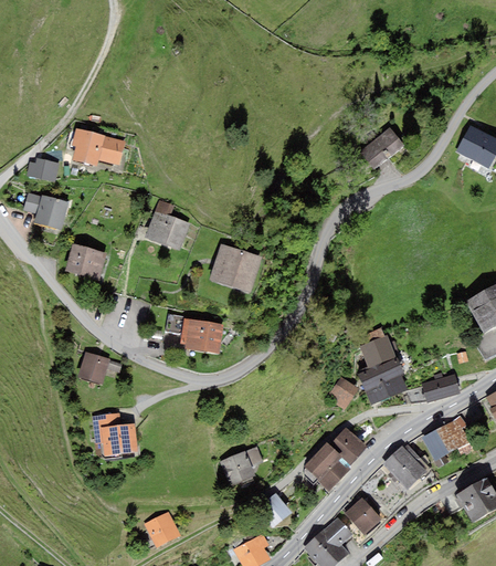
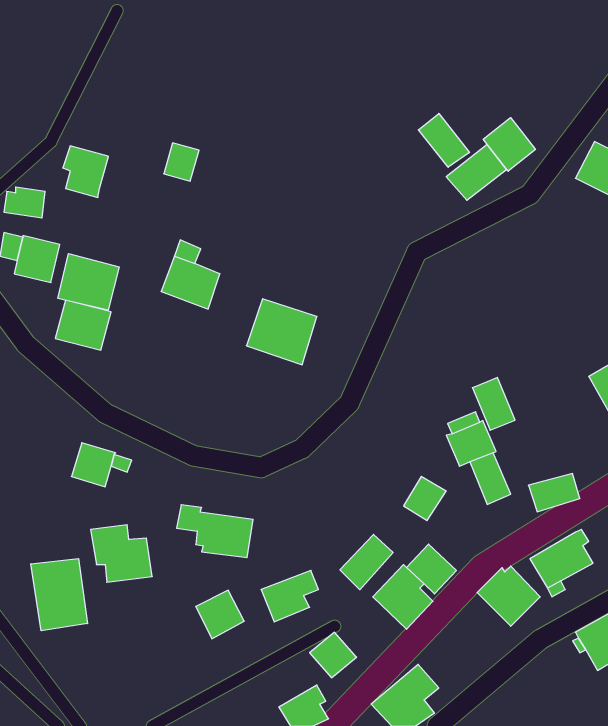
building: none -> [418,113,469,167]
building: none -> [483,118,535,171]
building: [98,136,125,165] -> [164,143,199,181]
building: none -> [58,254,119,310]
building: [166,313,223,353] -> [177,505,253,558]
building: [358,365,390,405] -> [472,377,515,430]
building: none -> [340,534,393,590]
building: none -> [31,559,88,631]
building: [345,496,382,534] -> none
building: [144,511,180,547] -> [196,590,244,639]

